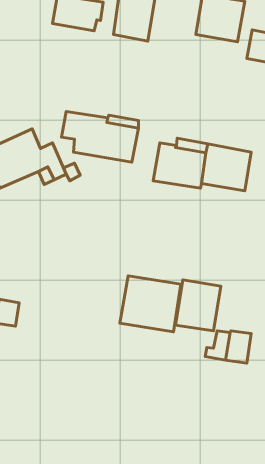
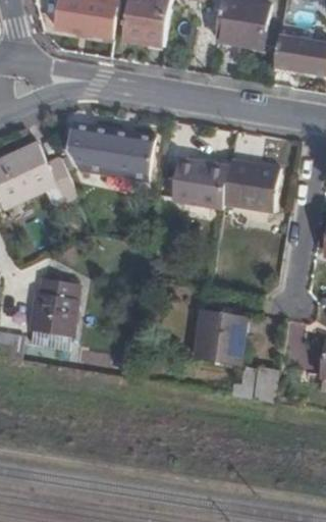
building: none -> [32,277,78,336]
building: [120,276,181,332] -> none

